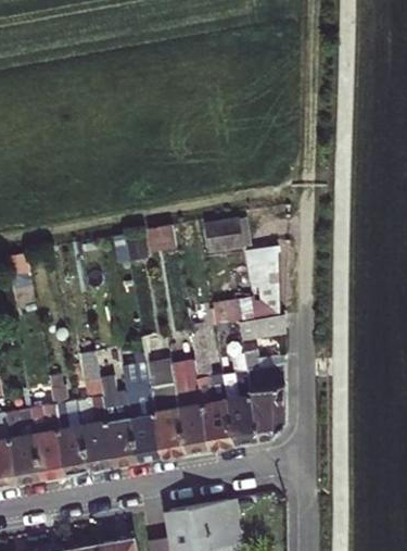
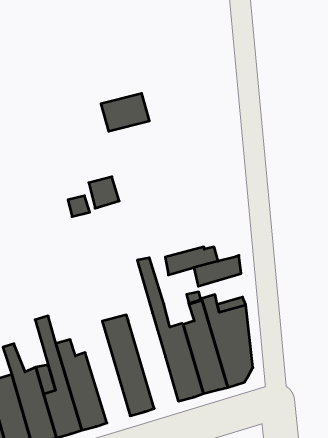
building: [204,217,249,250] -> [101,93,149,131]
building: [247,248,279,316] -> none
building: [170,359,209,450] -> none
building: [126,361,162,459] -> none

